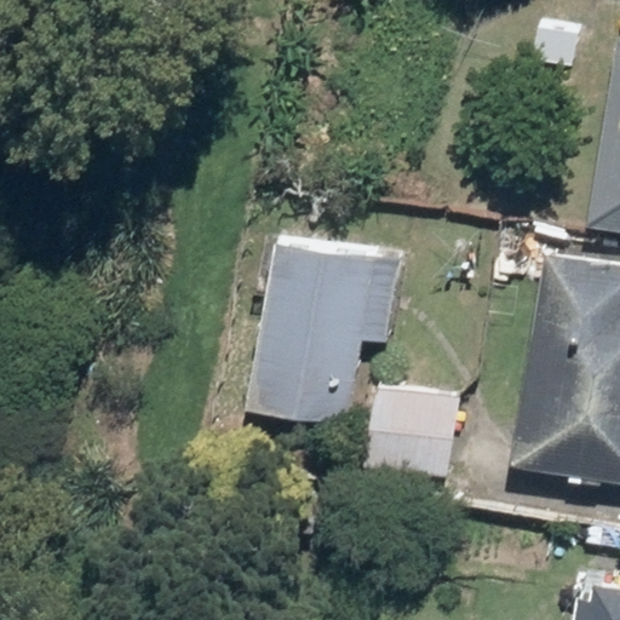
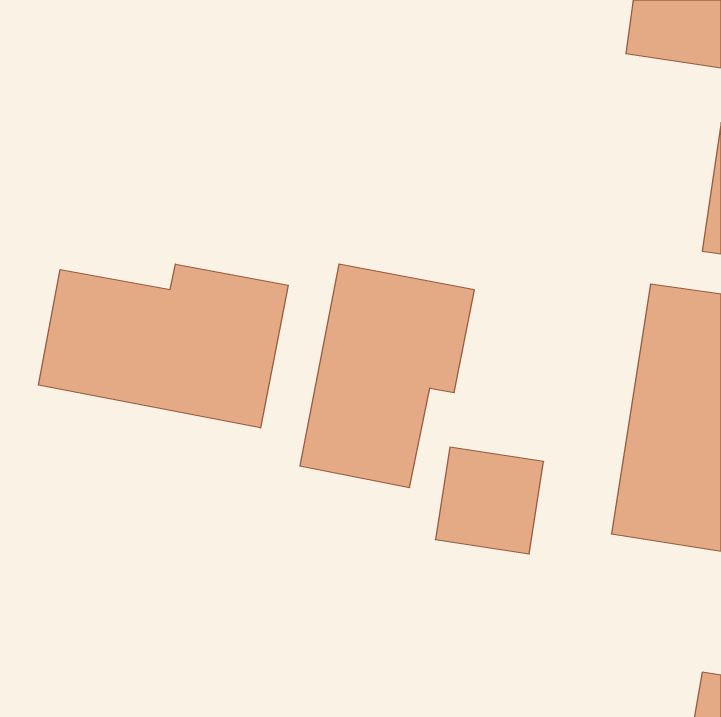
building: none -> [39,264,288,428]

